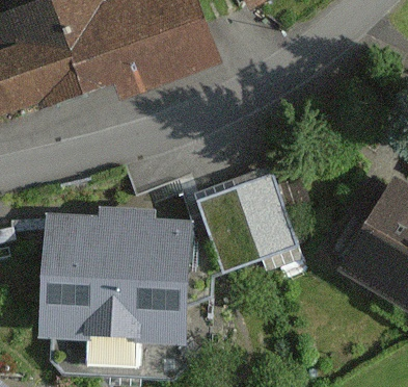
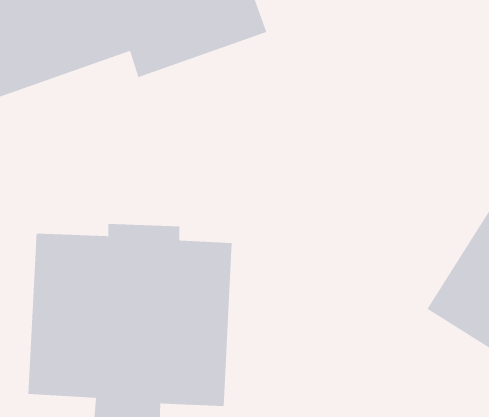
building: [197,174,298,272] -> none

